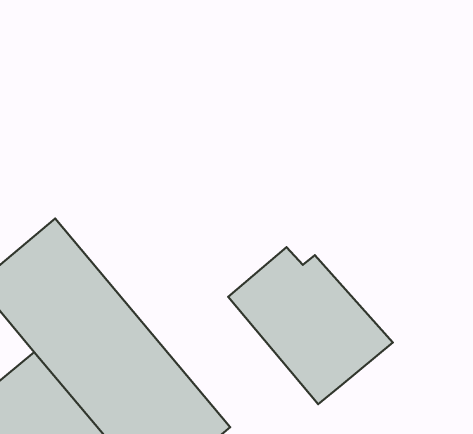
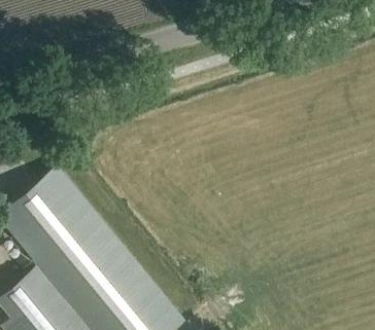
building: [228,247,393,404] -> none

